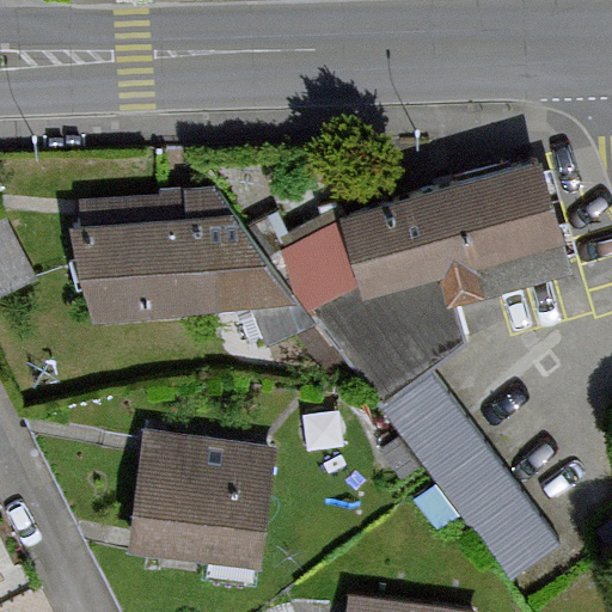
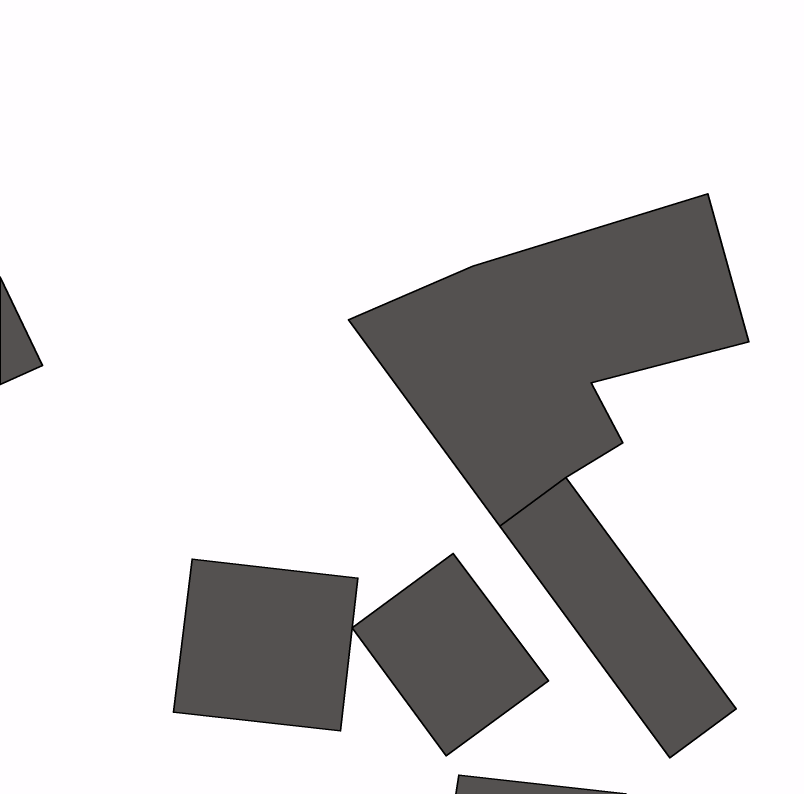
building: [71,190,312,348] -> none
building: none -> [352,553,548,756]

